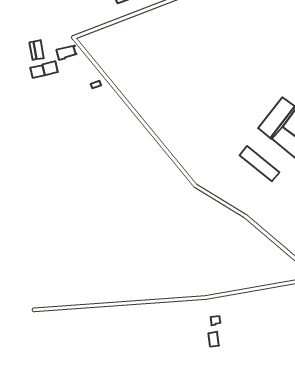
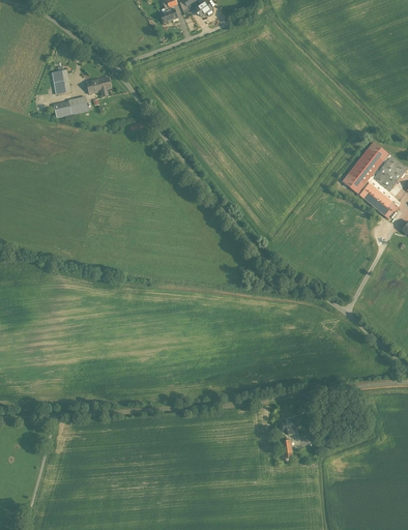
building: [240,146,279,181] -> none

